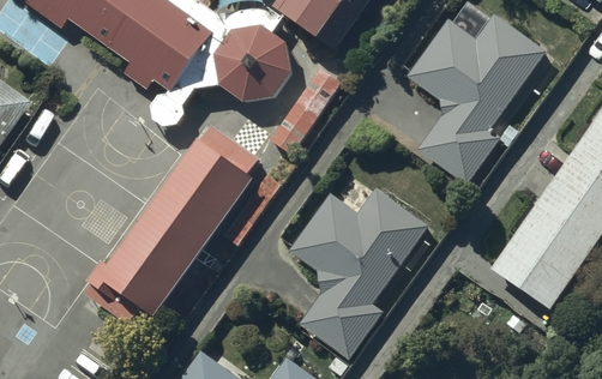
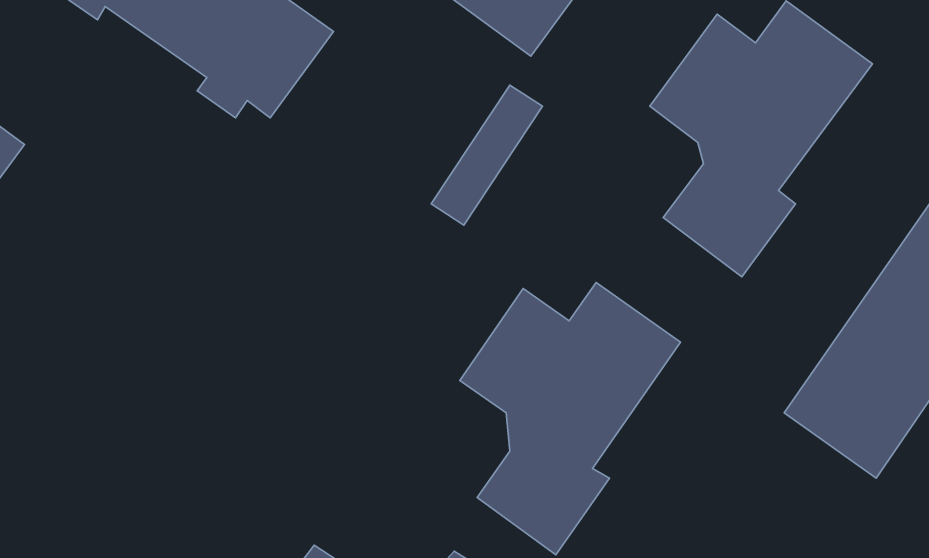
building: [218,28,289,100] -> none
building: [88,121,260,319] -> none

